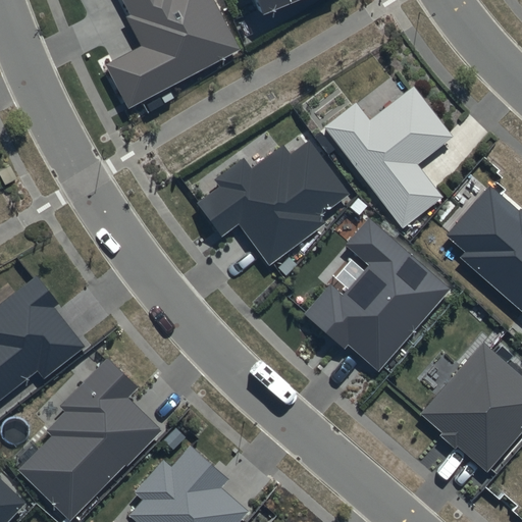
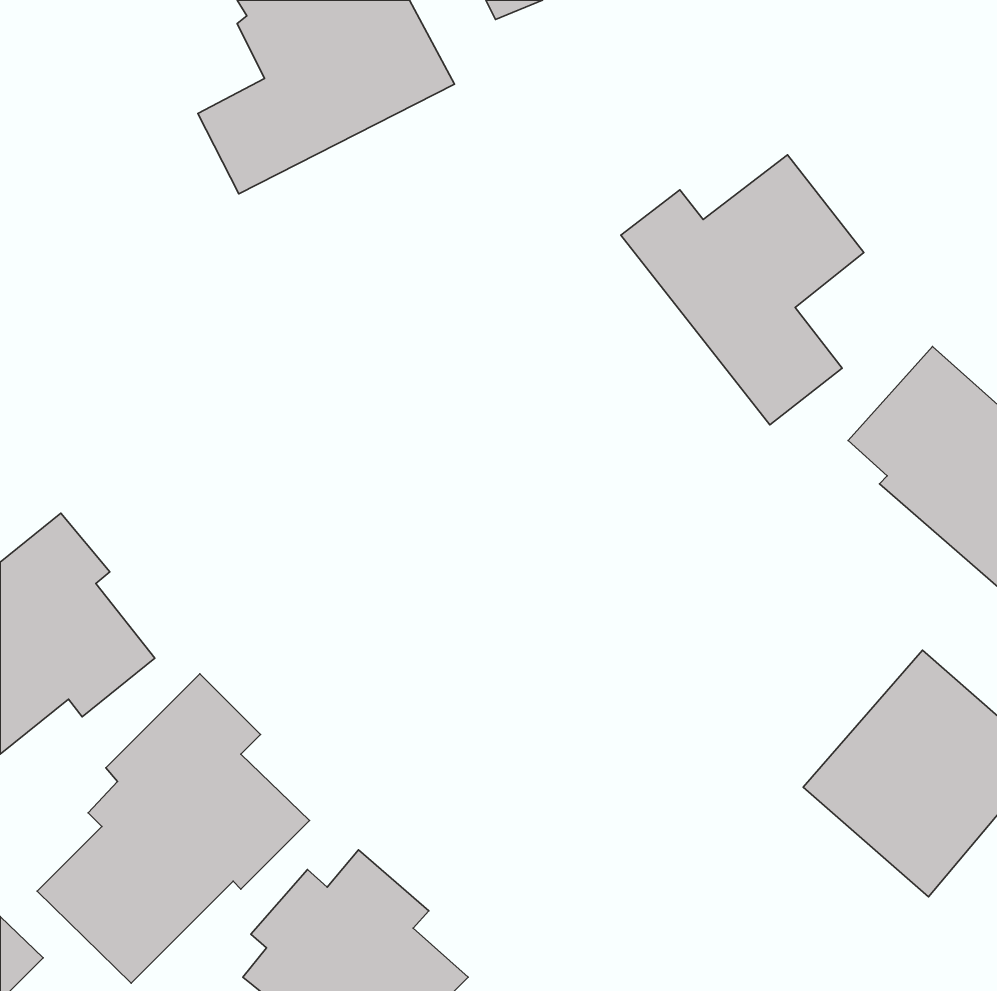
building: [197,142,347,262] -> none
building: [303,218,450,370] -> none

